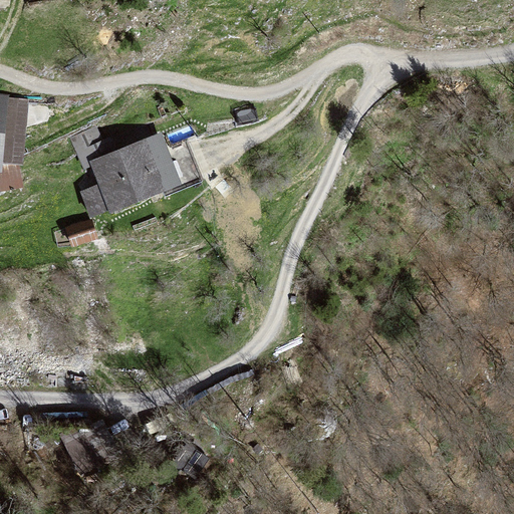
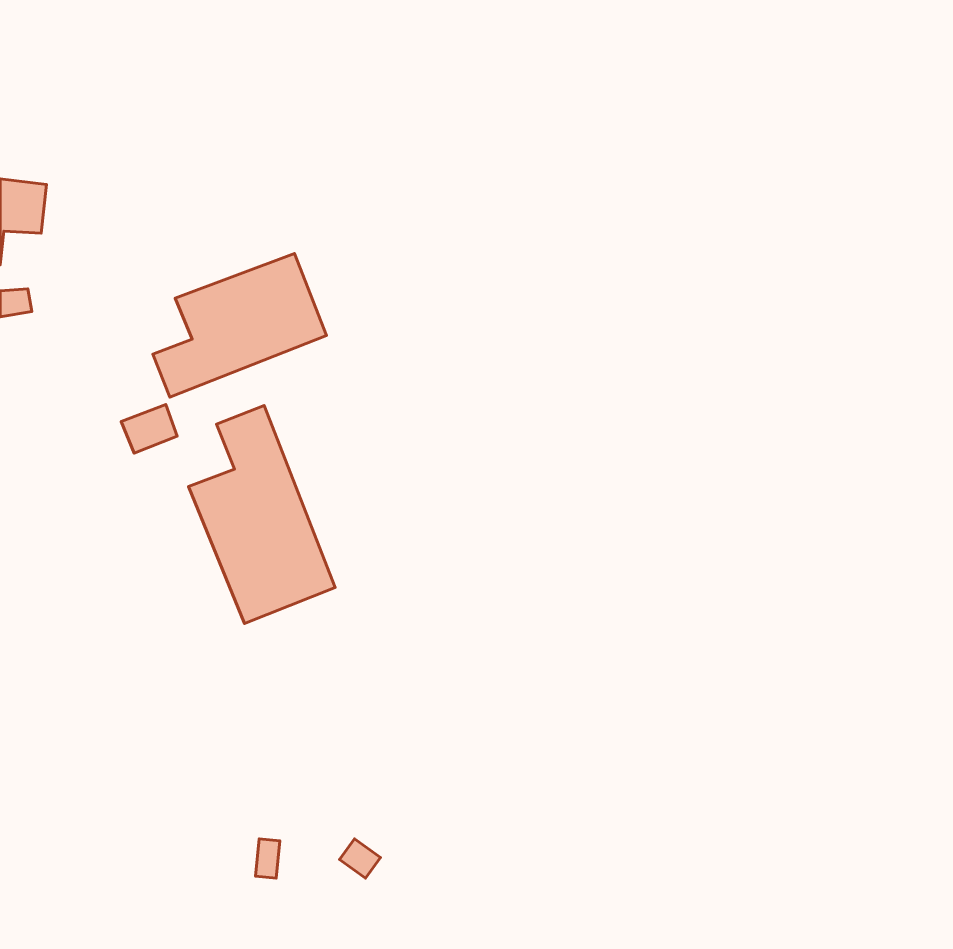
building: none -> [189,406,335,623]

